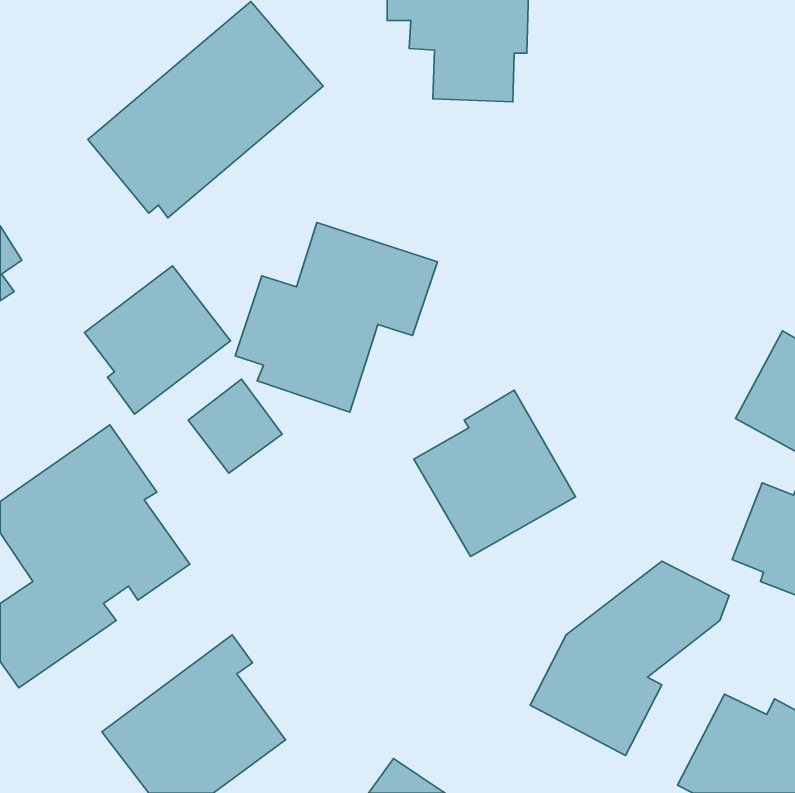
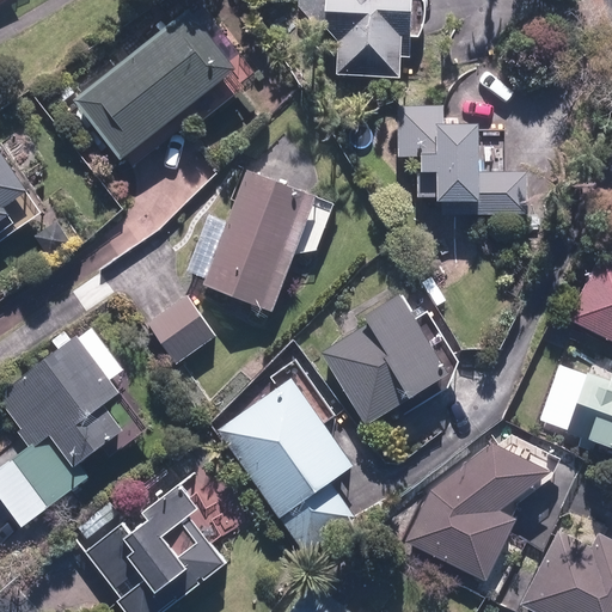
building: none -> [397,103,527,215]
building: [84,266,231,414] -> none
building: none -> [220,380,350,545]

